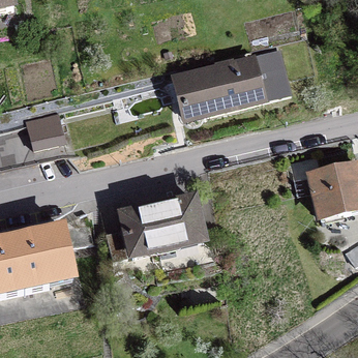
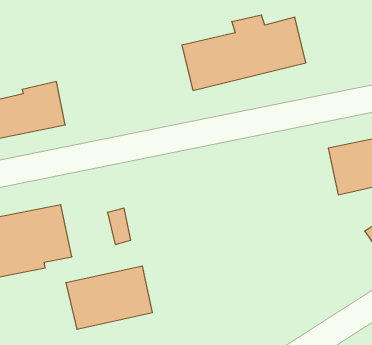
building: [122,197,203,256] -> [66,266,152,329]

